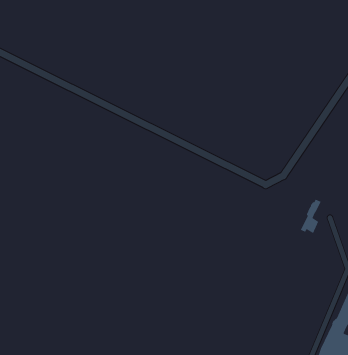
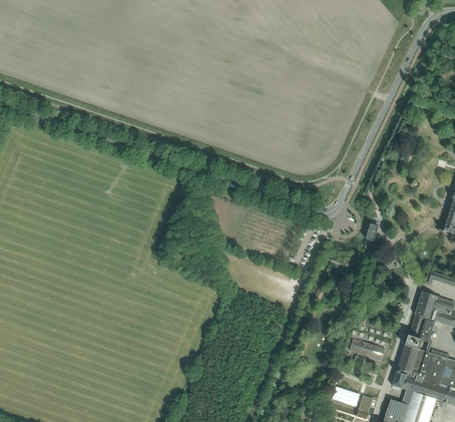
building: none -> [350,338,385,368]

